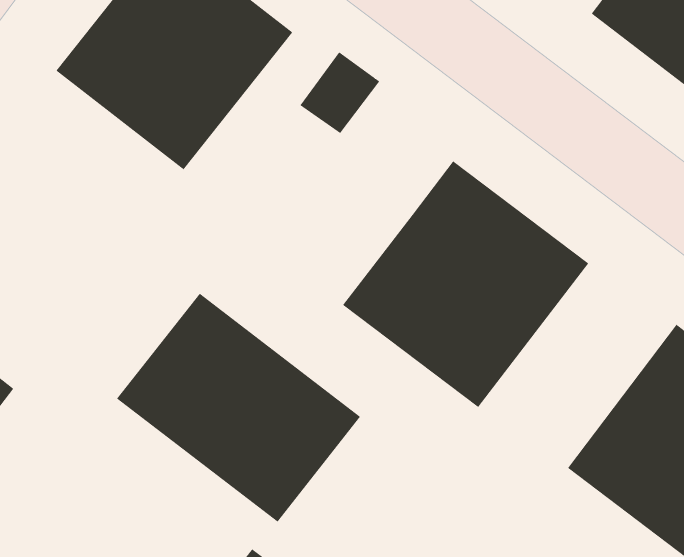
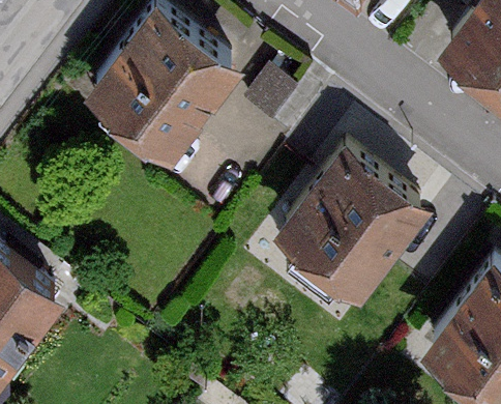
building: [116,293,361,522] -> none

